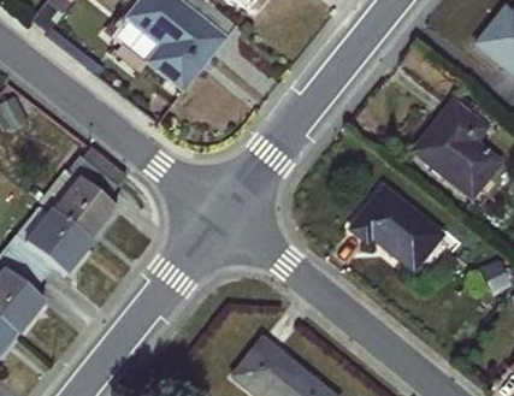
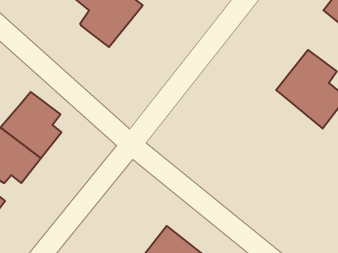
building: [347,182,447,273] -> none

